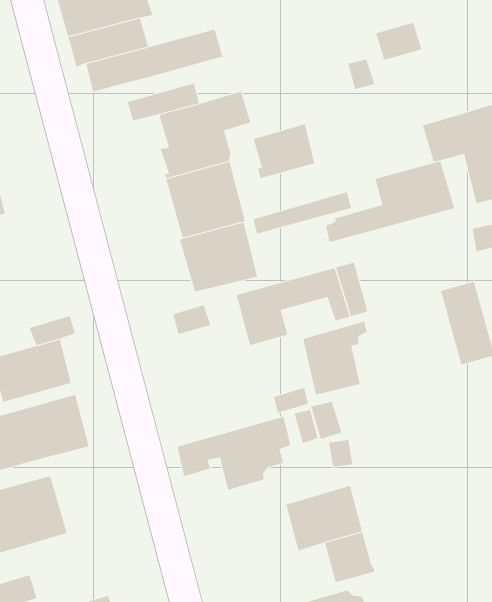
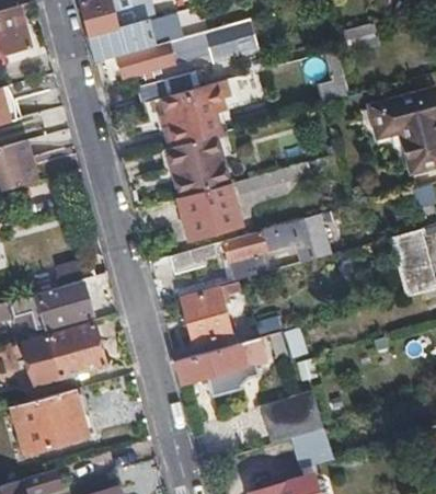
building: [253,124,315,179] -> [206,20,255,64]
building: [325,161,455,243] -> none
building: [303,321,367,395] -> [184,287,236,346]

